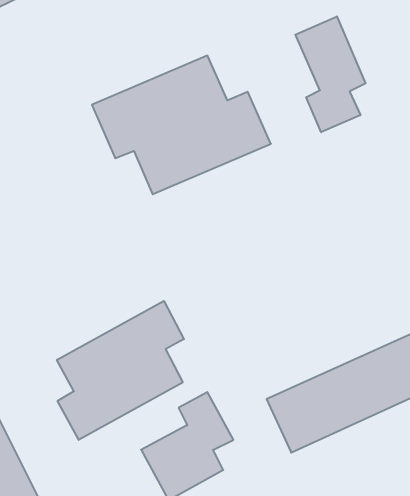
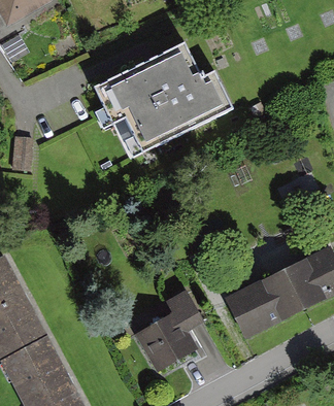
building: [295,16,366,132] -> none
building: [57,301,184,440] -> none

